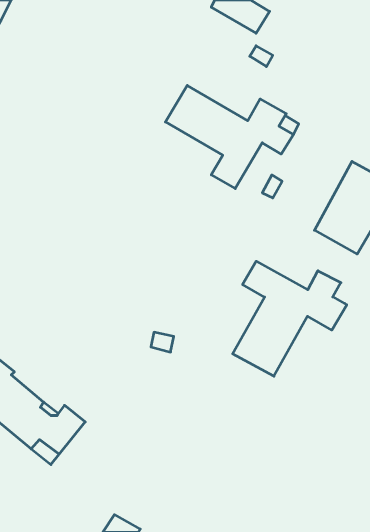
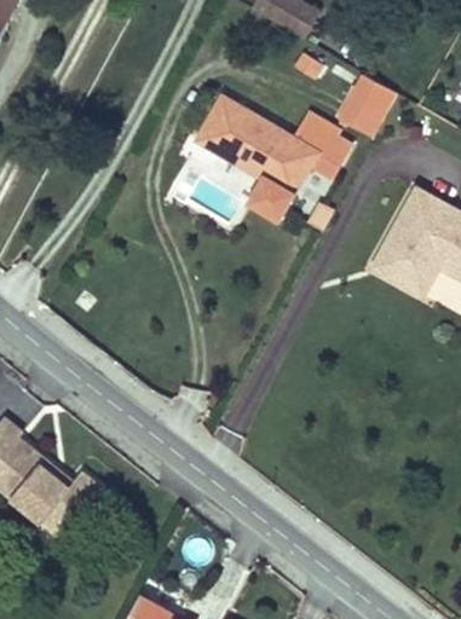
building: none -> [338,74,396,138]
building: [233,261,347,376] -> none

